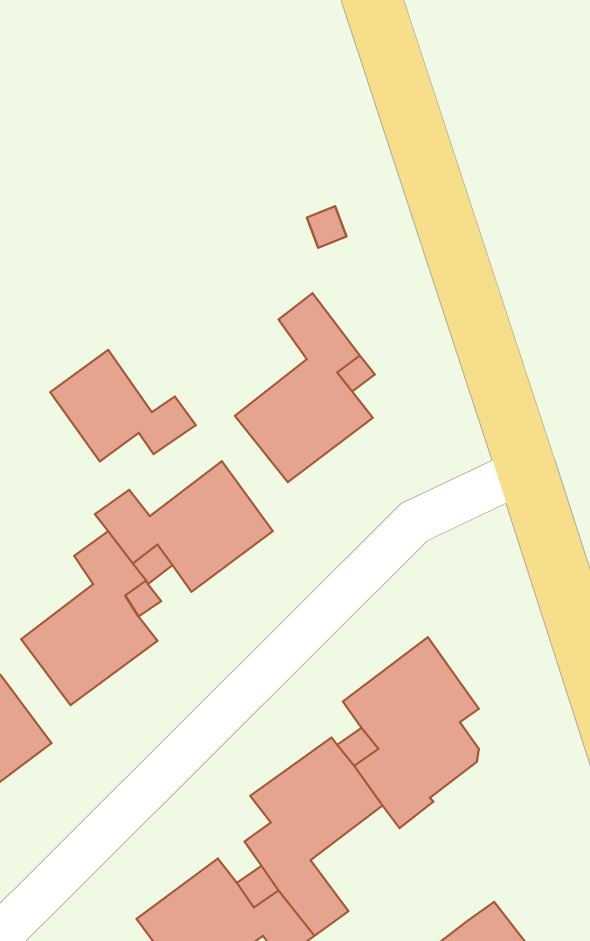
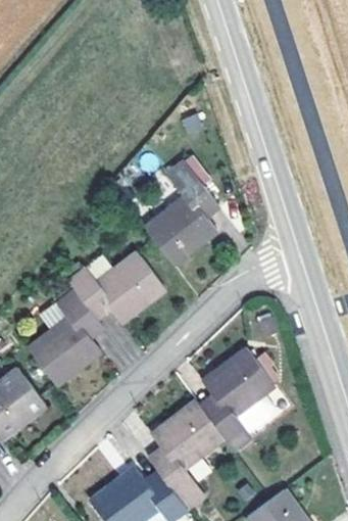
building: [50,350,196,462] -> none

